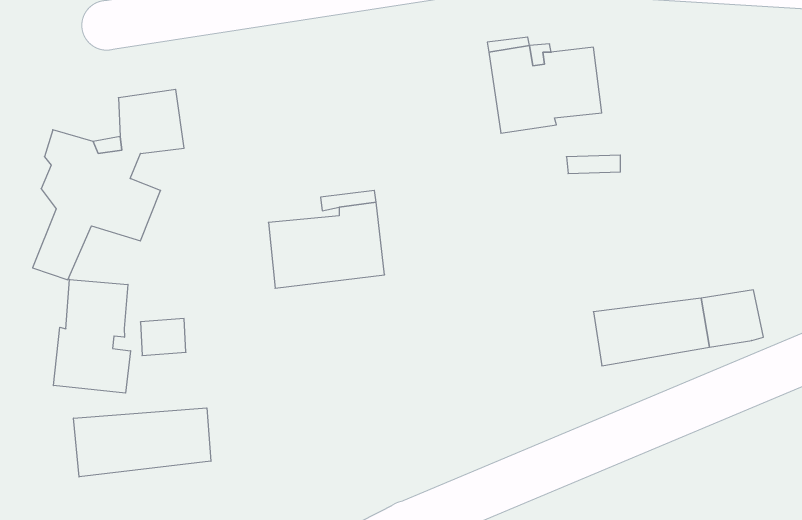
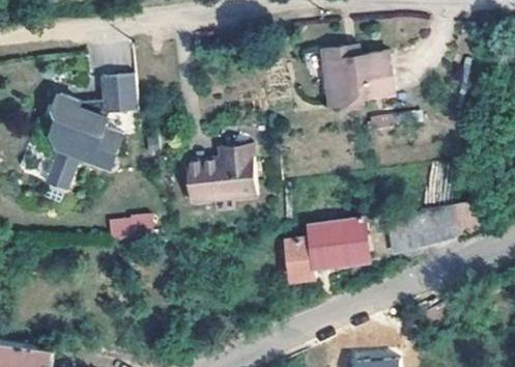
building: [53,279,131,393] -> none
building: none -> [285,216,368,280]
building: [74,408,211,477] -> none

